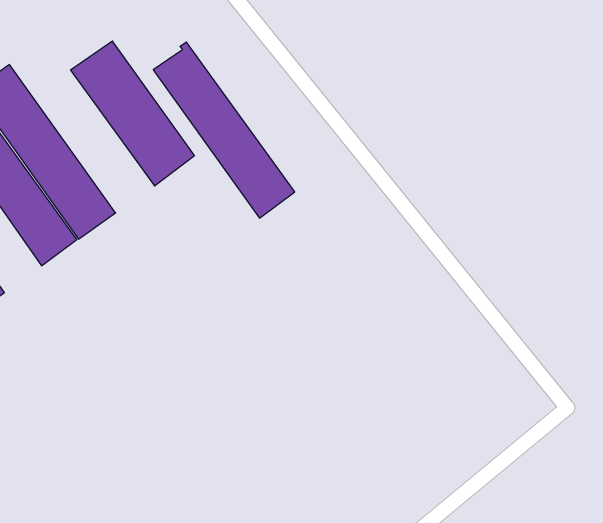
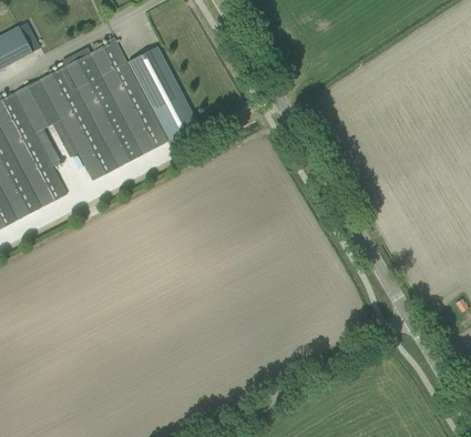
building: [153,42,295,218] -> [90,38,167,154]

